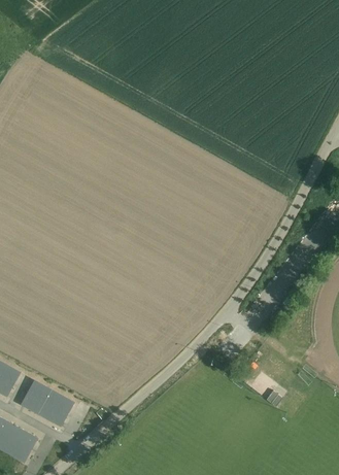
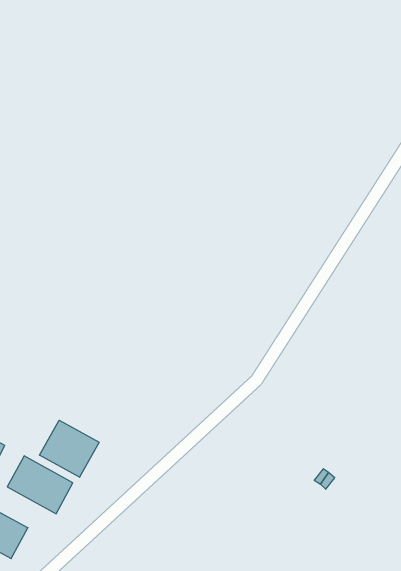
building: none -> [40,420,99,477]

